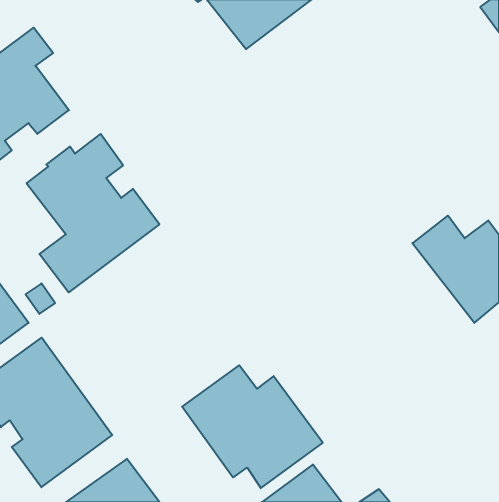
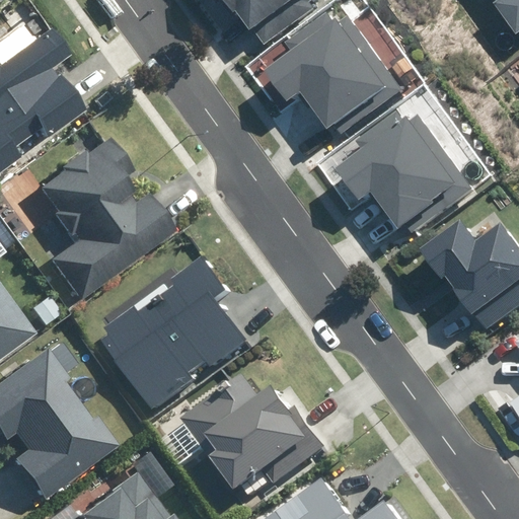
building: none -> [261,9,401,140]
building: none -> [337,110,476,243]
building: none -> [104,258,250,409]

